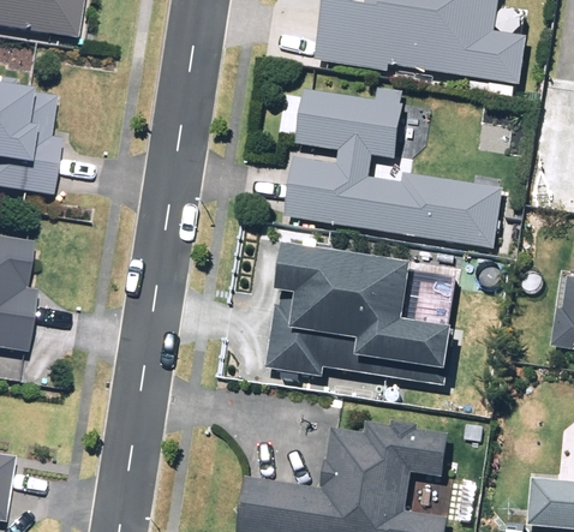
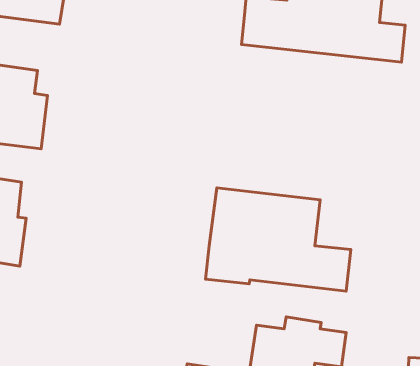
building: [285,88,506,247] -> none

